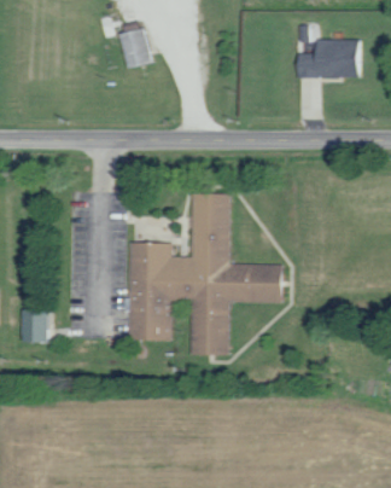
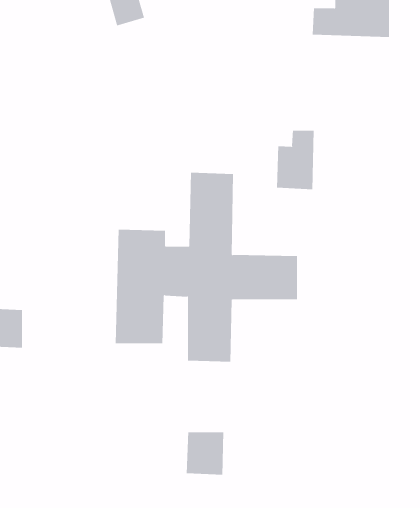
building: none -> [276,130,314,190]
building: none -> [186,432,224,476]

